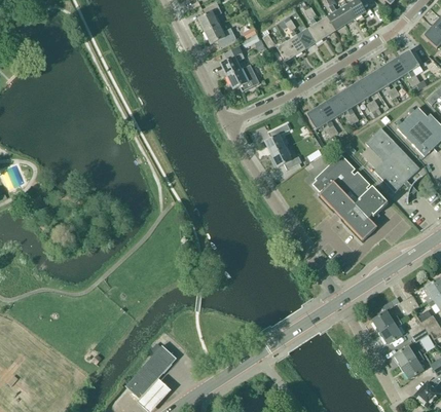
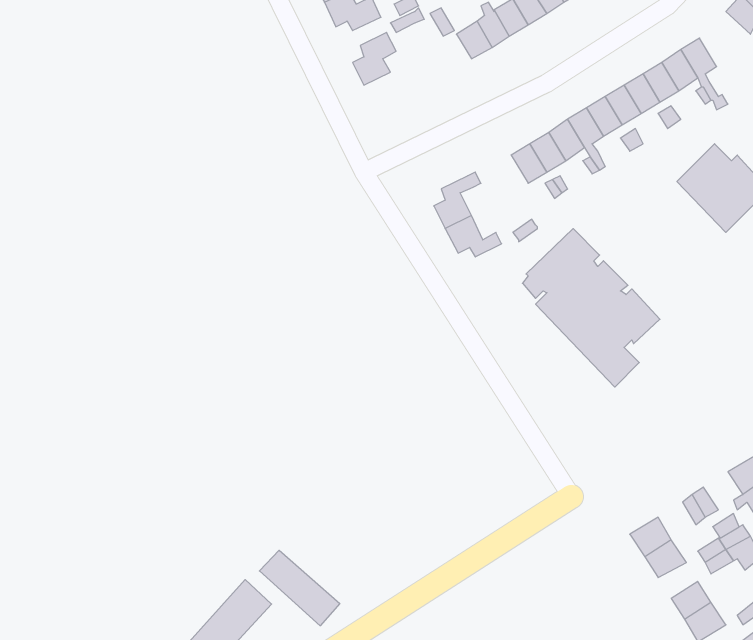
building: [226,65,259,91] -> none
building: [365,128,419,192] -> none
building: none -> [259,550,340,626]

